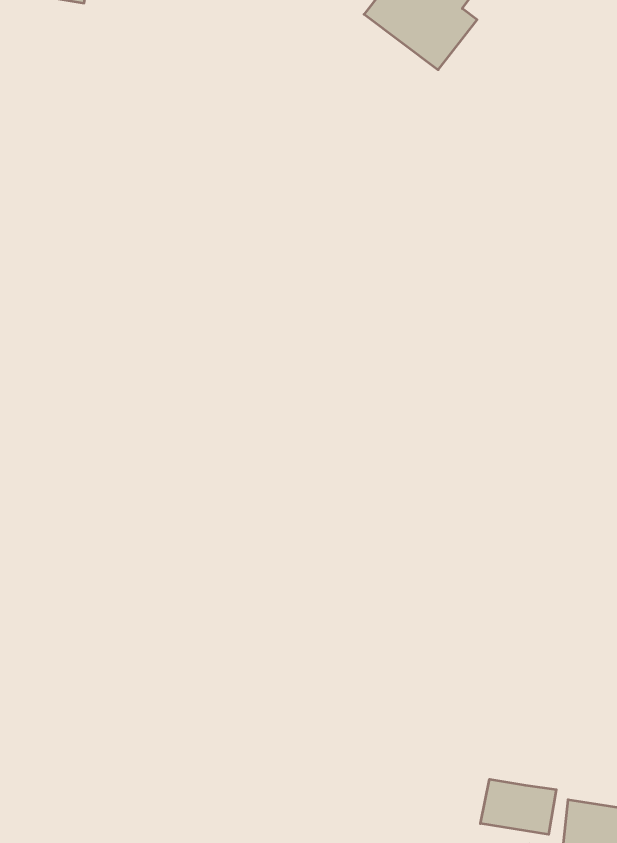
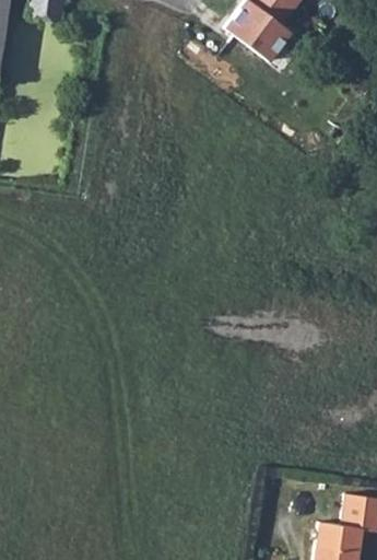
building: [480,779,556,834] -> none

